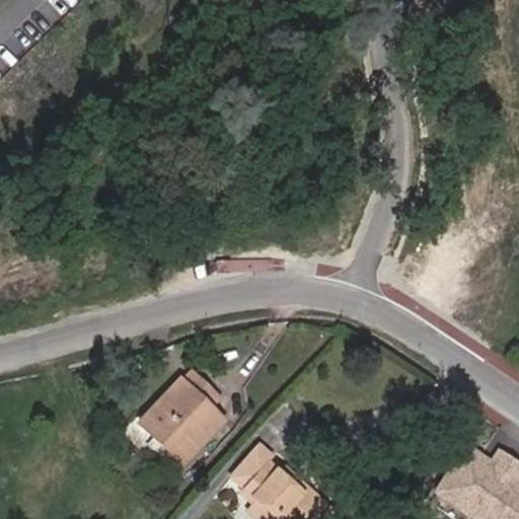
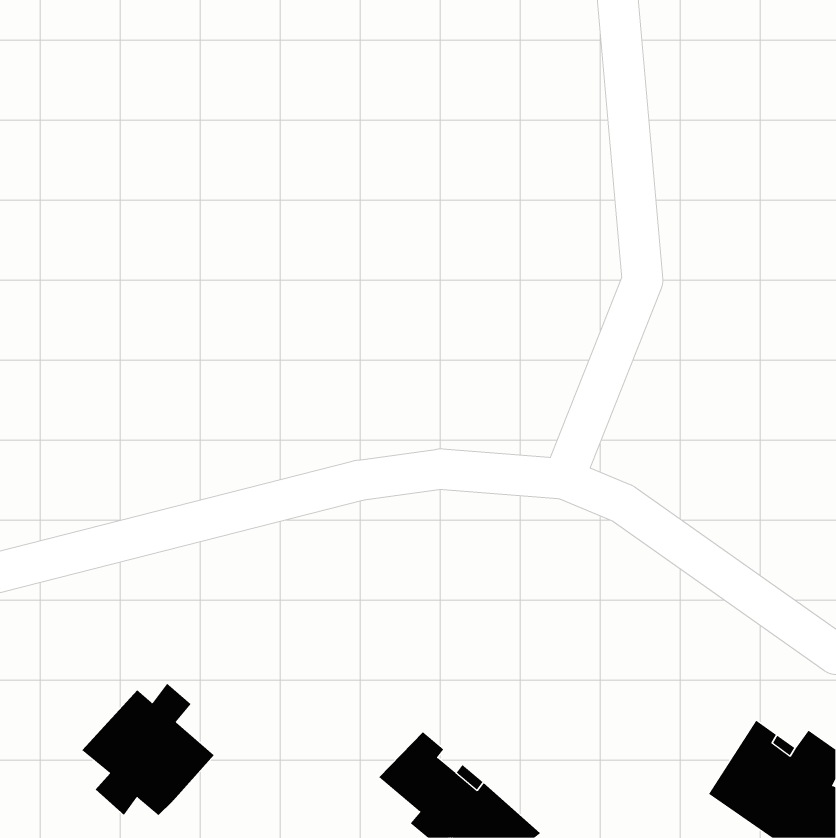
building: [142,376,224,458] -> [82,683,214,816]

